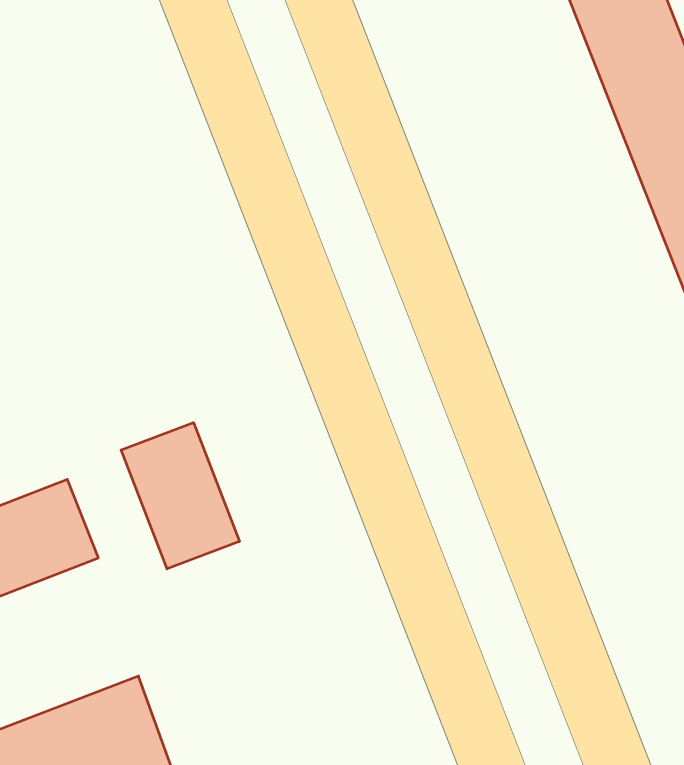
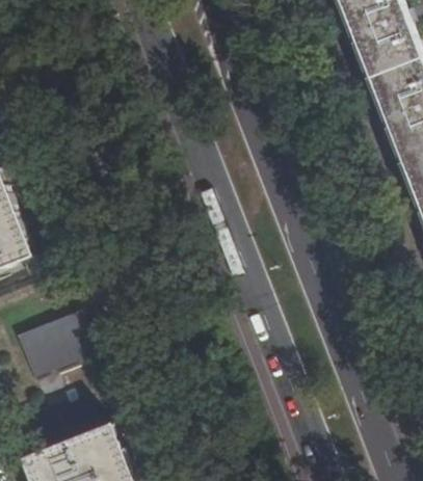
building: [121,423,239,569] -> none

